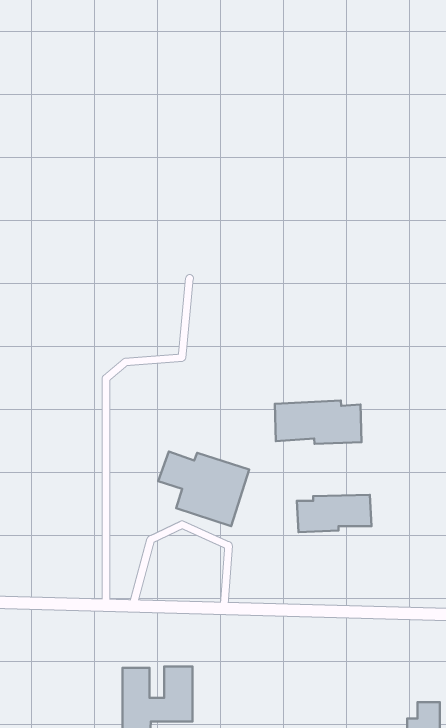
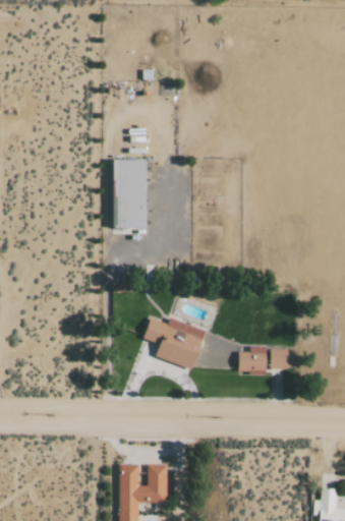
building: none -> [113,160,147,229]
building: [275,401,361,444] -> none

